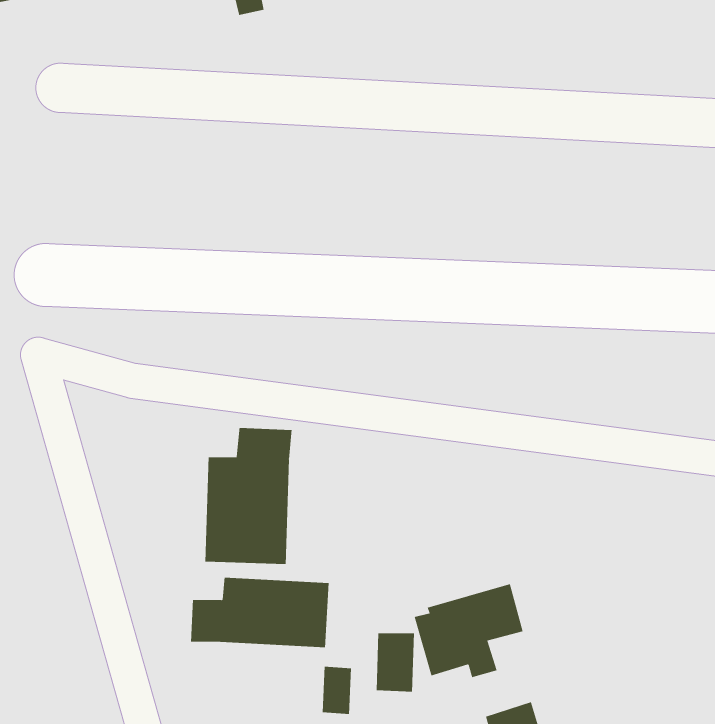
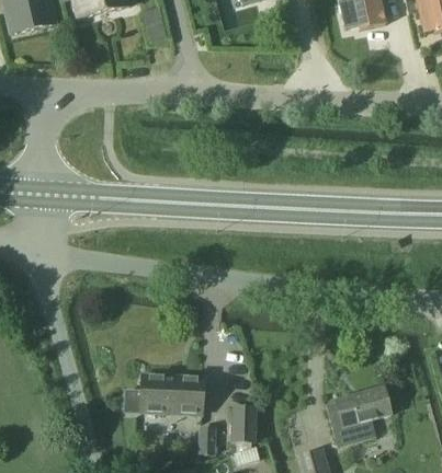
building: [205,427,292,565] -> none
building: [414,583,523,678] -> [327,385,392,441]

